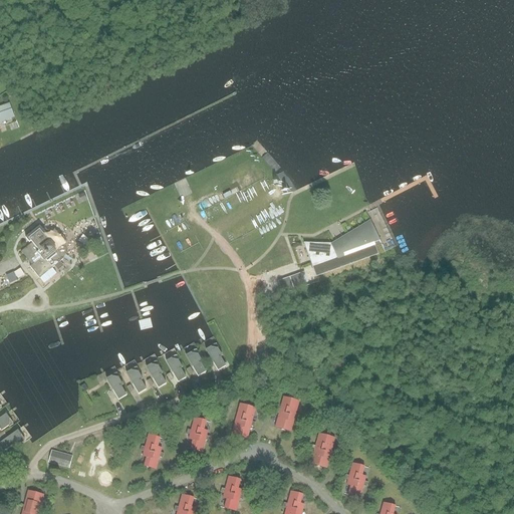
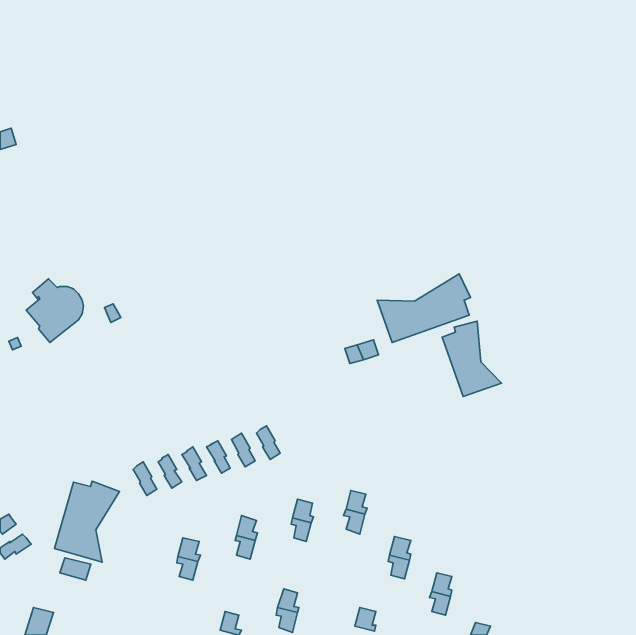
building: none -> [442,321,501,397]
building: none -> [55,481,119,562]

